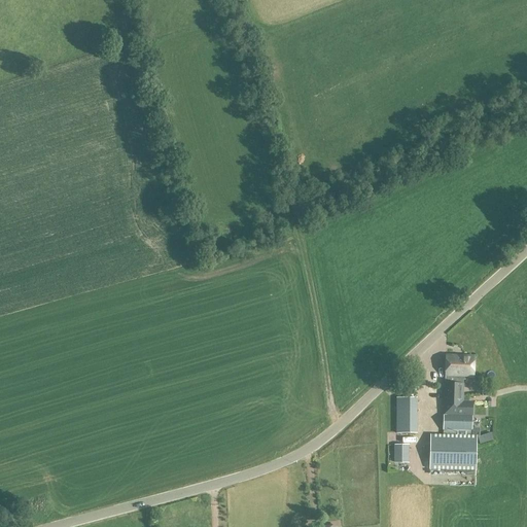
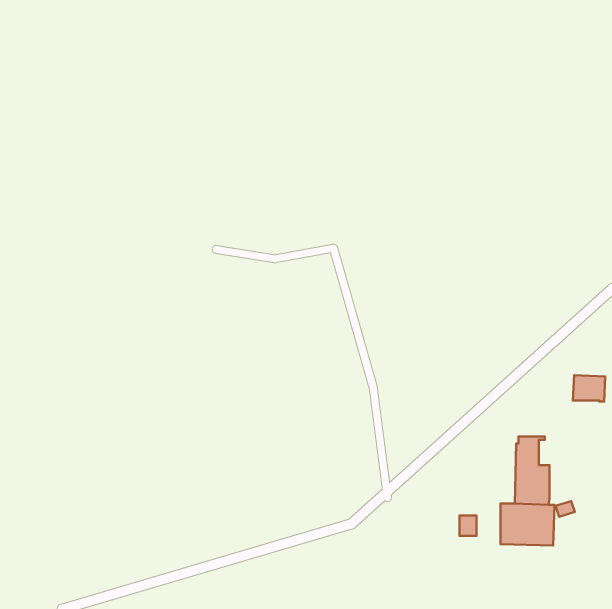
building: [445,353,472,376] -> [573,375,605,402]
building: [396,396,415,431] -> none

